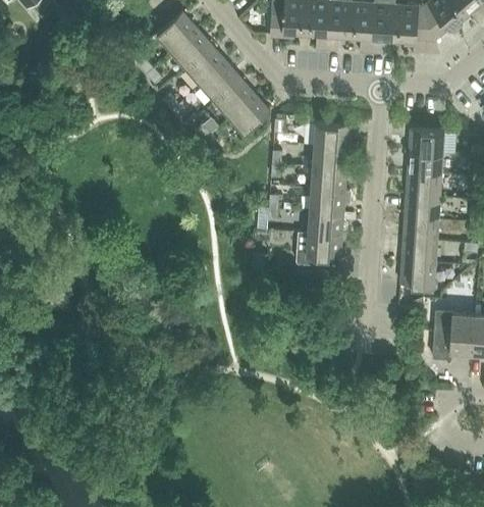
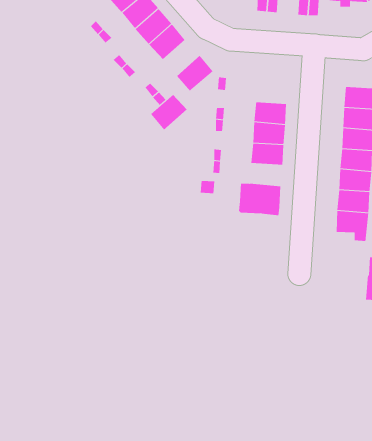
building: [215,78,255,116] -> [150,94,188,130]
building: [314,121,349,146] -> none
building: [308,209,343,234] -> none

